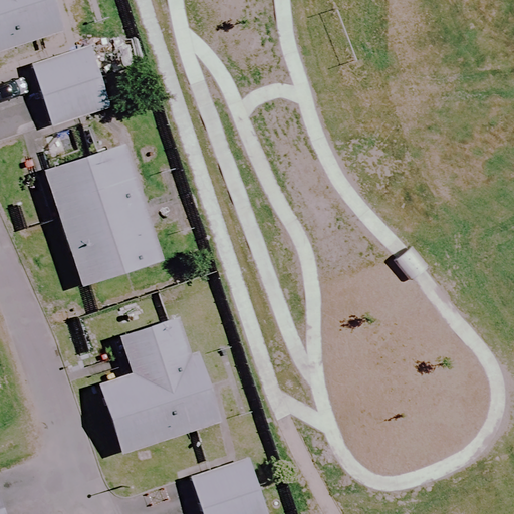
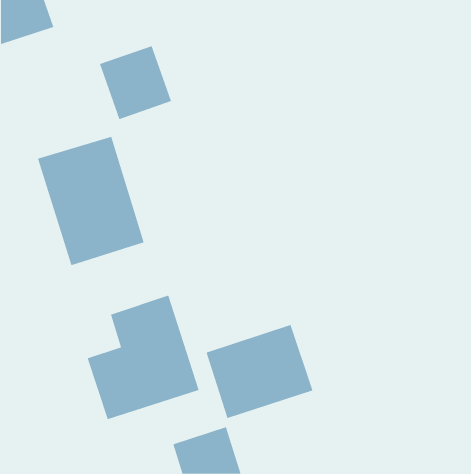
building: [33,46,111,126] -> [99,45,172,120]
building: none -> [206,324,313,419]

